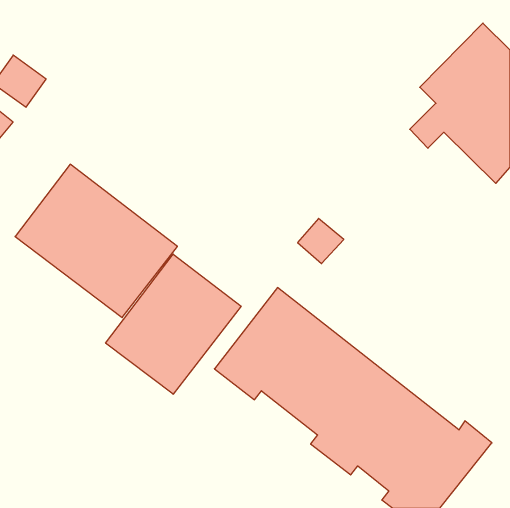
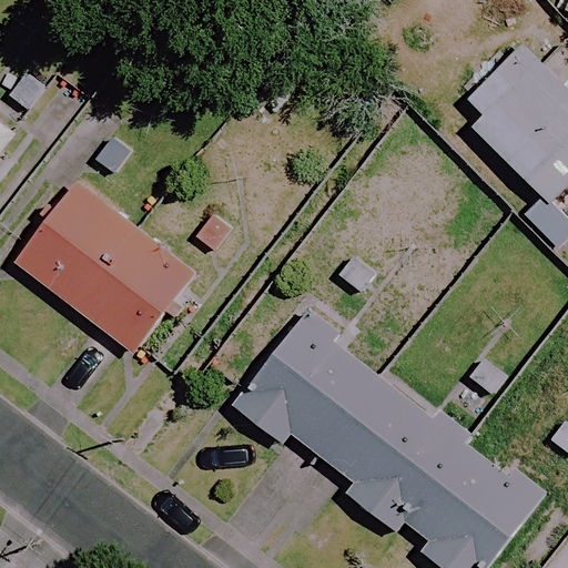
building: [106,254,241,394] -> none

